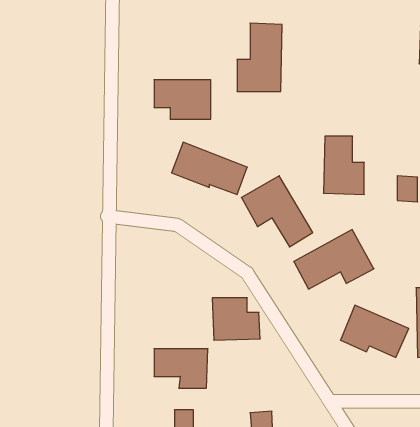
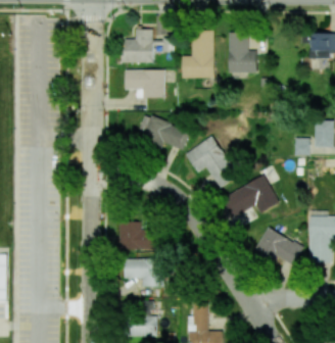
building: none -> [124,30,174,63]
building: [323,136,364,194] -> [228,33,256,74]
building: [212,298,260,340] -> [118,222,152,251]

